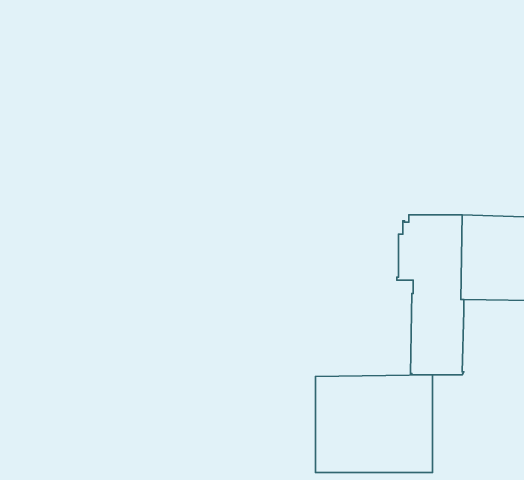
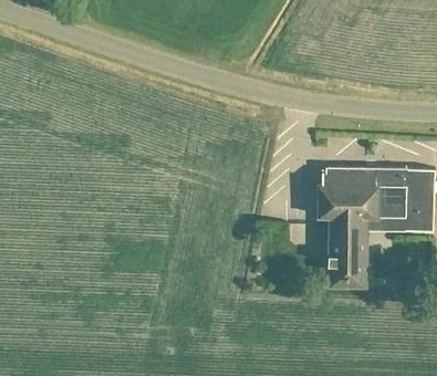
building: [316,375,433,473] -> none

